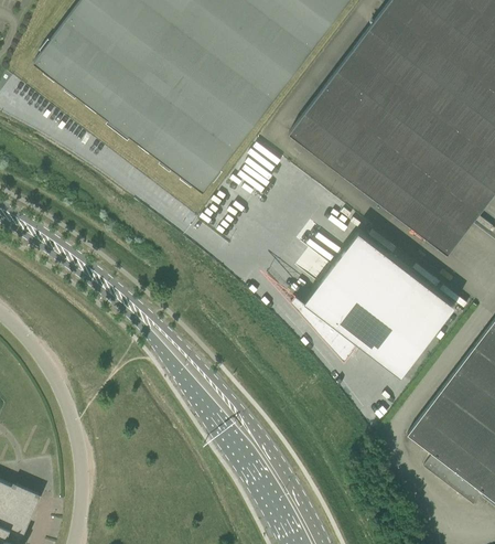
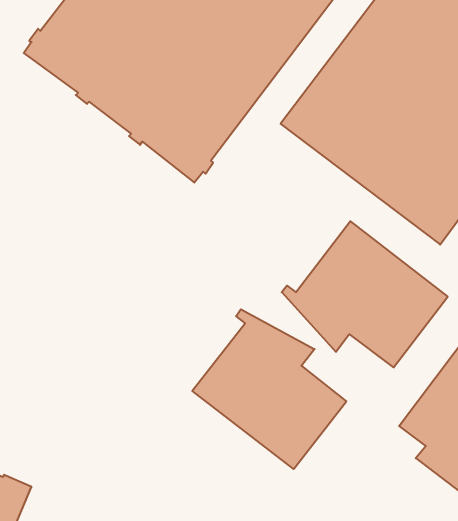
building: none -> [192,309,346,469]

